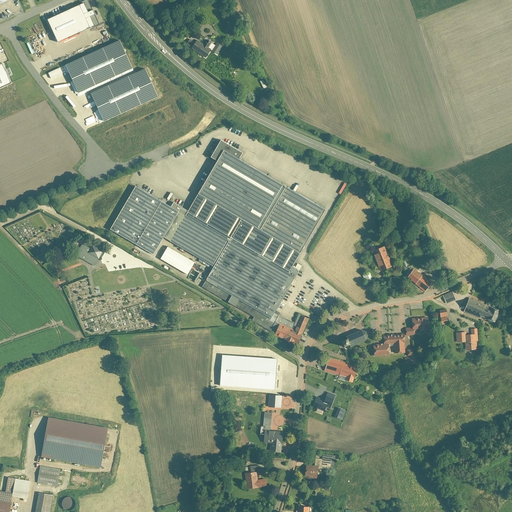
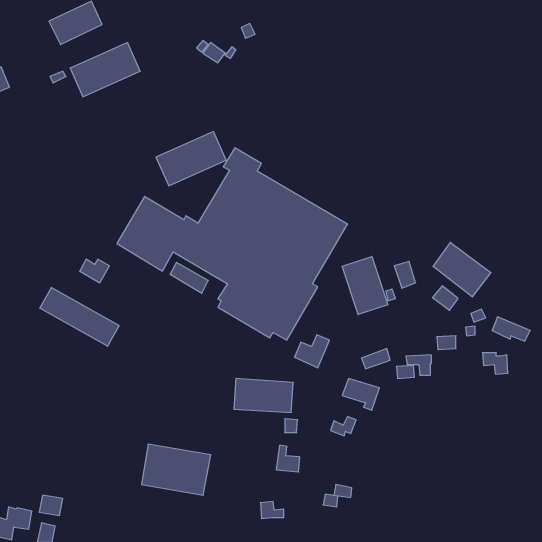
building: [91,69,157,120] -> [156,132,226,186]
building: none -> [433,242,491,297]
building: none -> [342,256,388,315]
building: none -> [40,287,119,346]
building: [41,418,106,466] -> [142,444,211,495]

